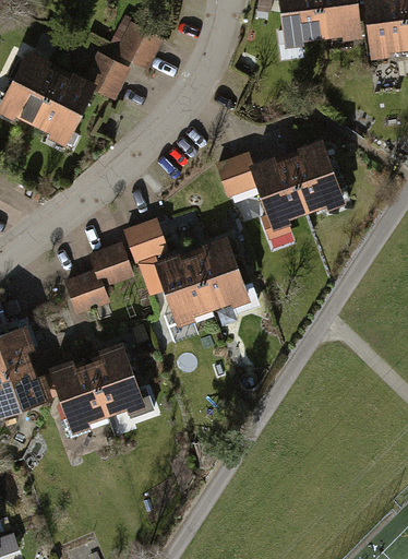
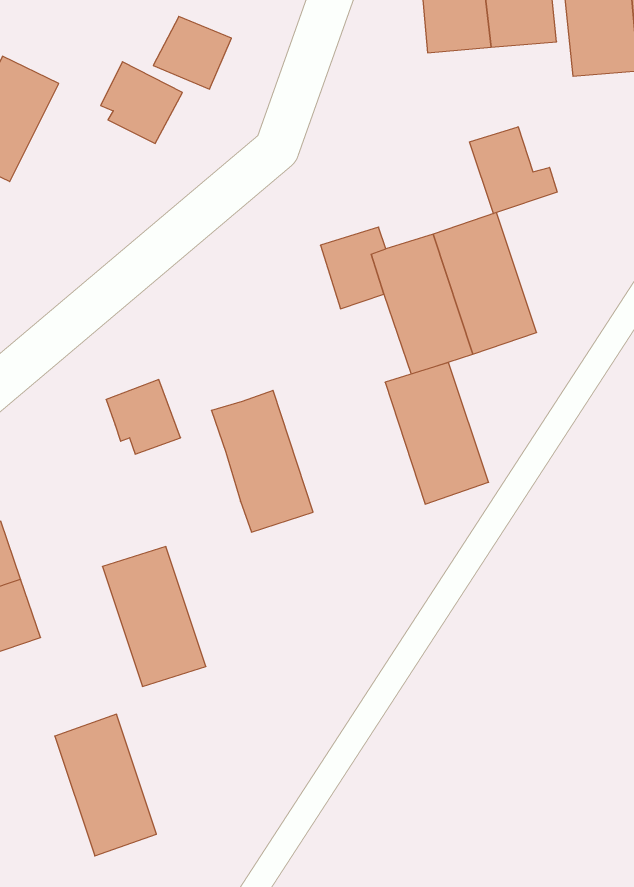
building: [29,63,92,139] -> none
building: none -> [470,127,557,214]
building: [124,217,169,265] -> none
building: [188,236,250,321] -> [385,362,489,504]
building: [63,269,110,314] -> none
building: [48,354,109,439] -> [55,714,156,856]

